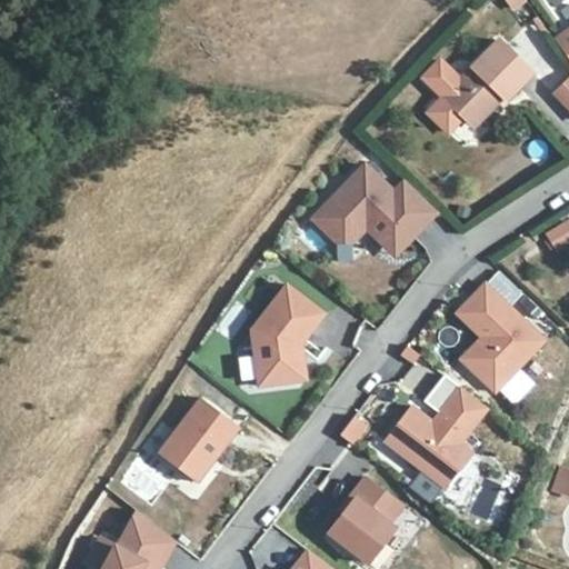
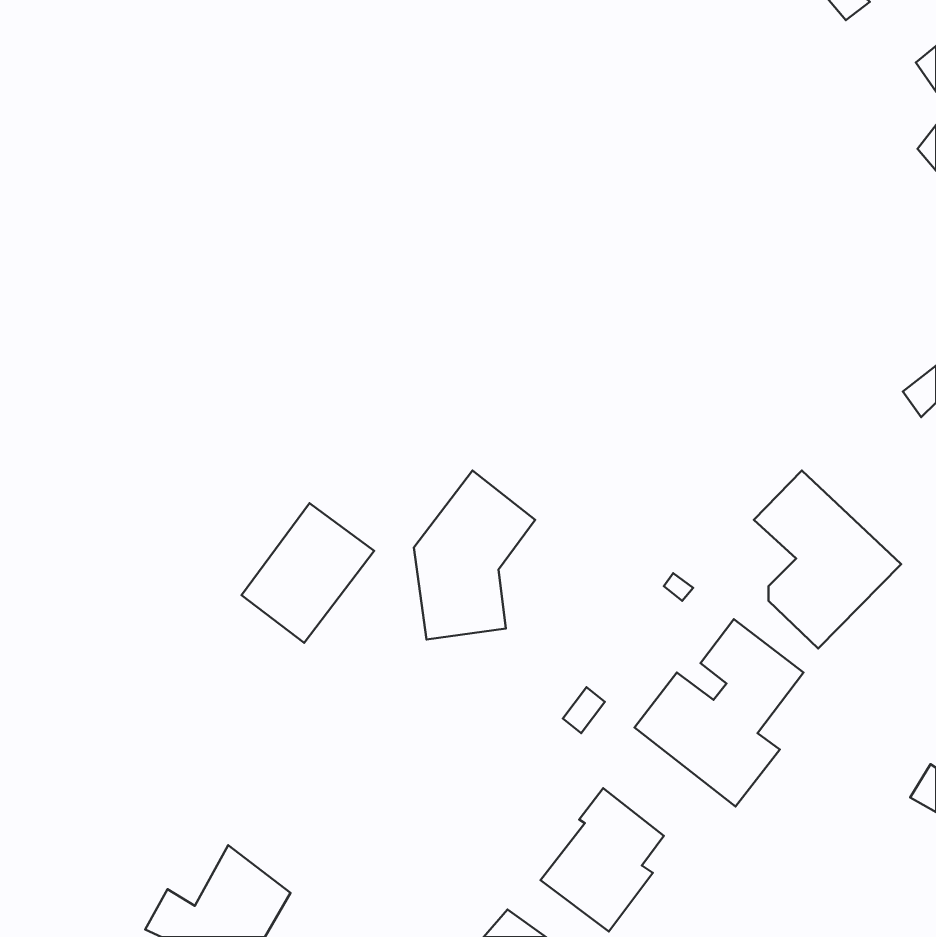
building: [422,41,529,133] -> none
building: [312,166,436,256] -> none
building: [159,398,239,482] -> [242,503,374,643]

